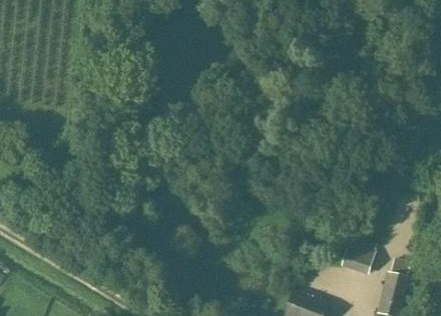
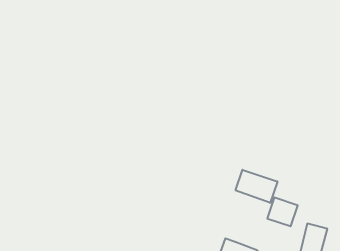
building: none -> [236,170,277,203]

